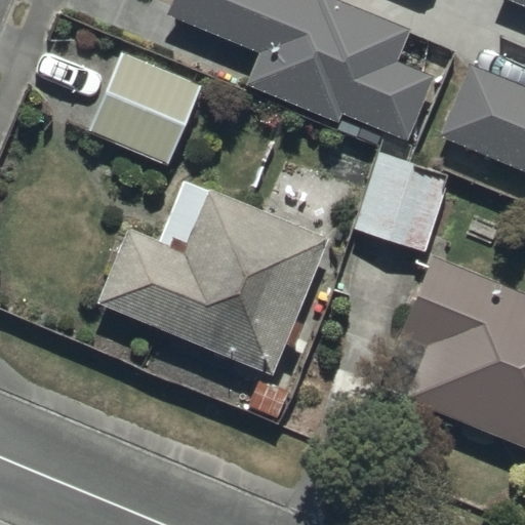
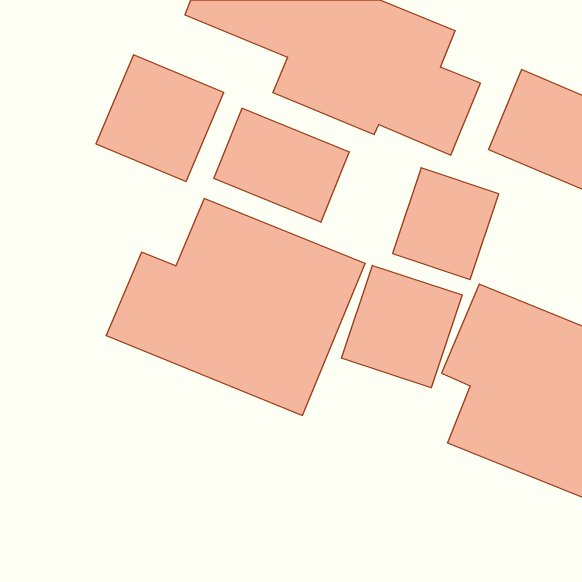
building: none -> [214,108,349,222]
building: none -> [341,265,462,388]

